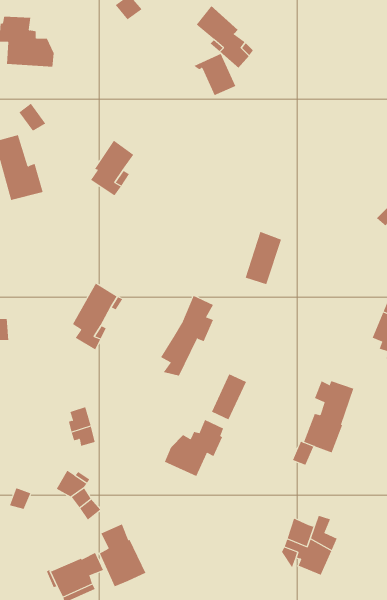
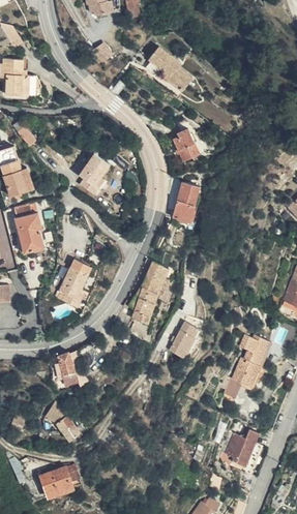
building: [194,53,236,96] -> [167,129,199,161]
building: none -> [14,204,41,252]
building: [245,231,282,285] -> [169,184,197,224]
building: [164,419,224,477] -> none
building: [99,524,146,587] -> none

